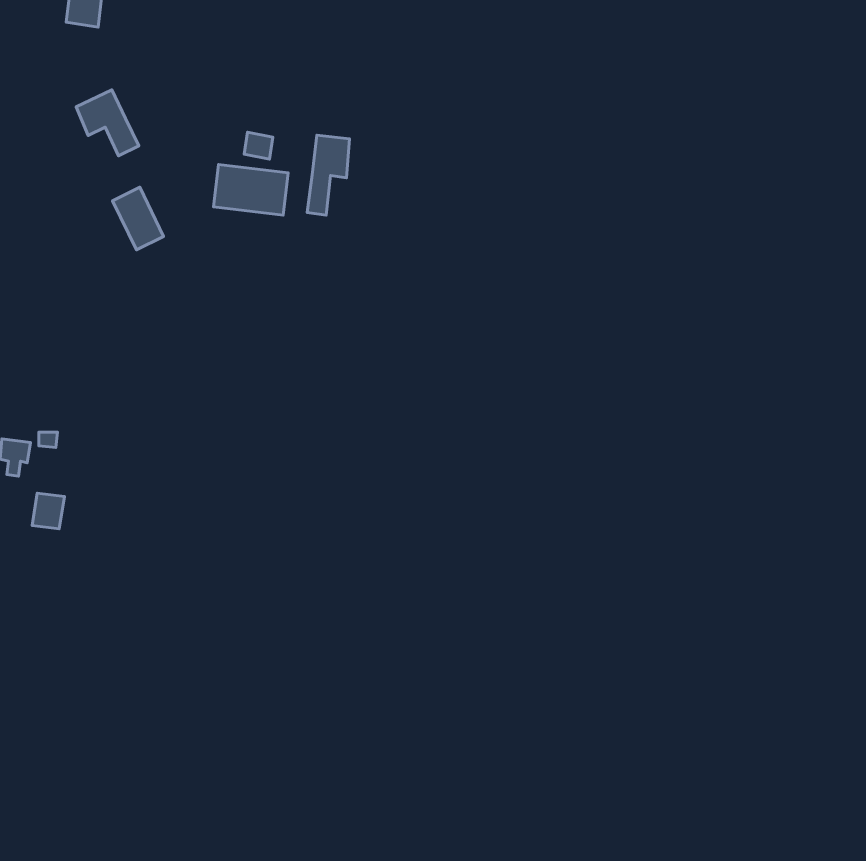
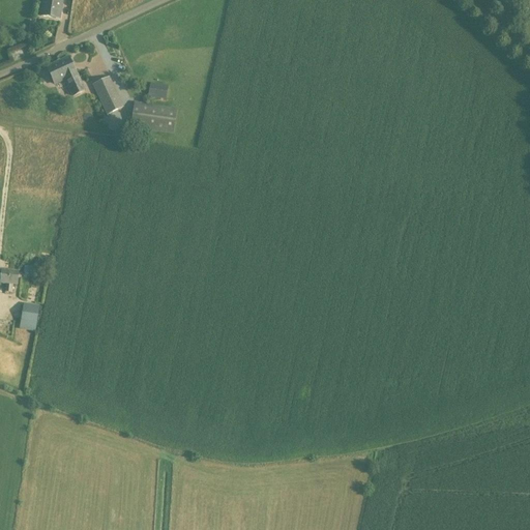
building: [307,135,350,215] -> none
building: [113,187,163,250] -> [92,75,123,113]

